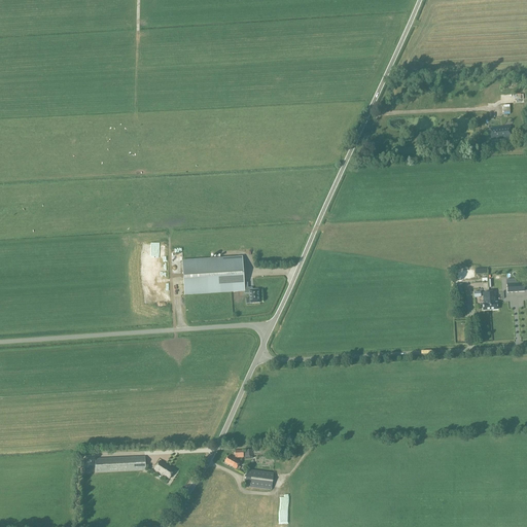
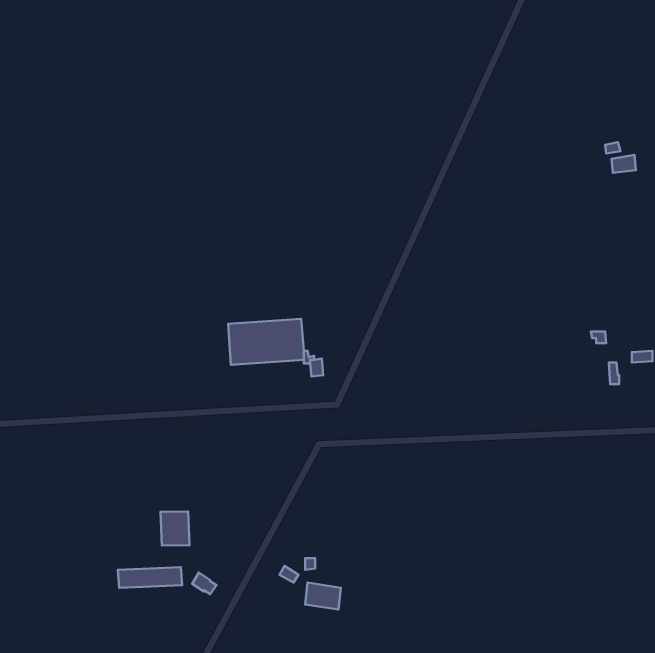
building: none -> [160,511,190,545]

